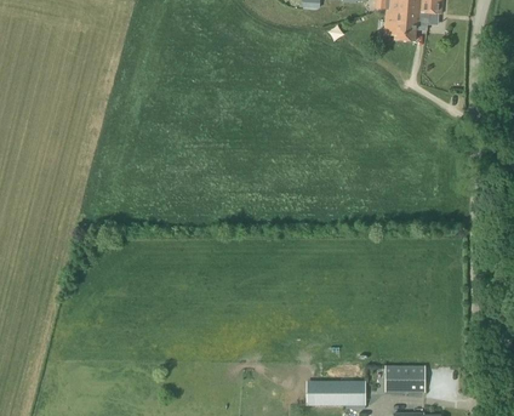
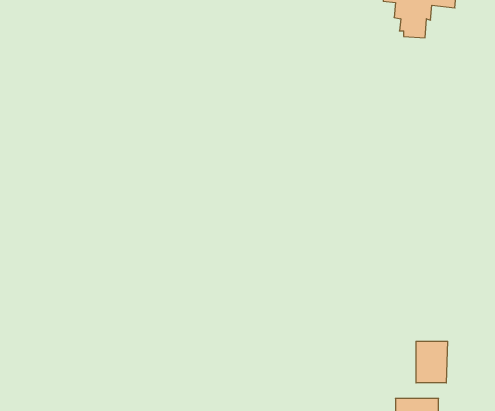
building: none -> [416,341,448,383]

